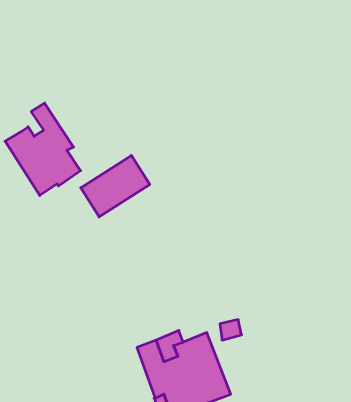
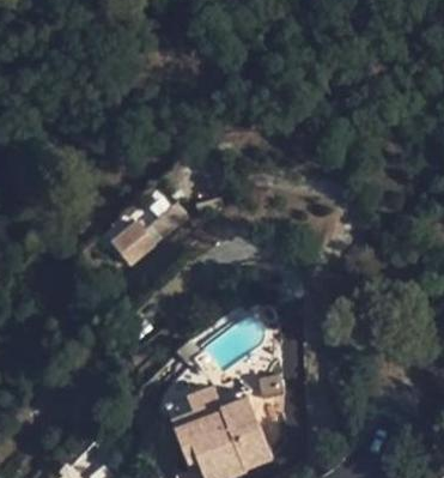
building: [5,103,81,196] -> none

